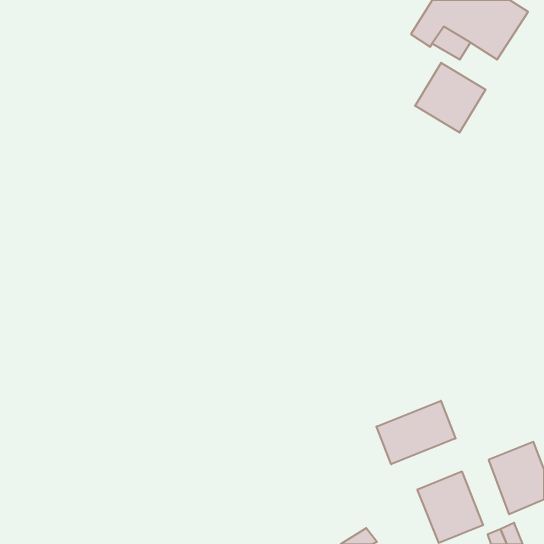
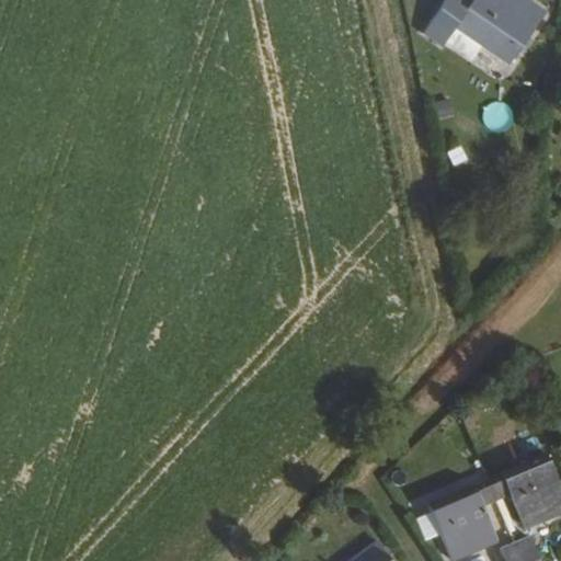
building: [415,63,486,133] -> none
building: [376,401,456,464] -> none

